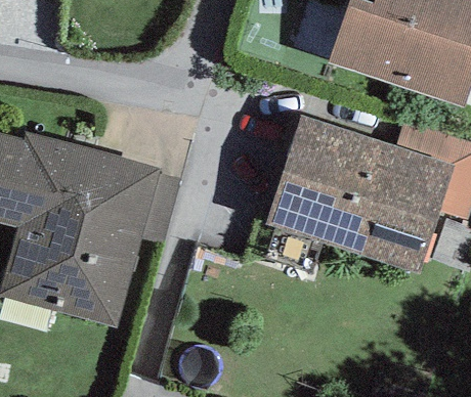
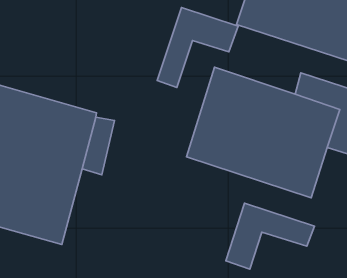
building: none -> [157,7,238,88]
building: none -> [226,203,314,269]

